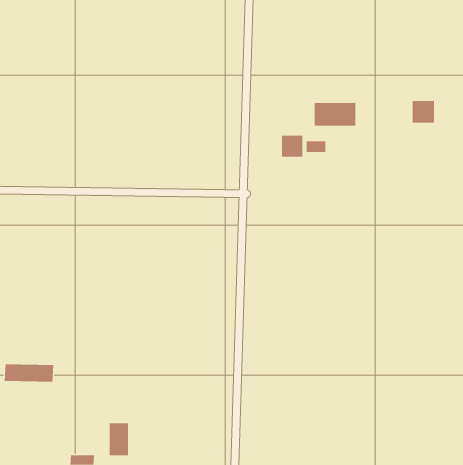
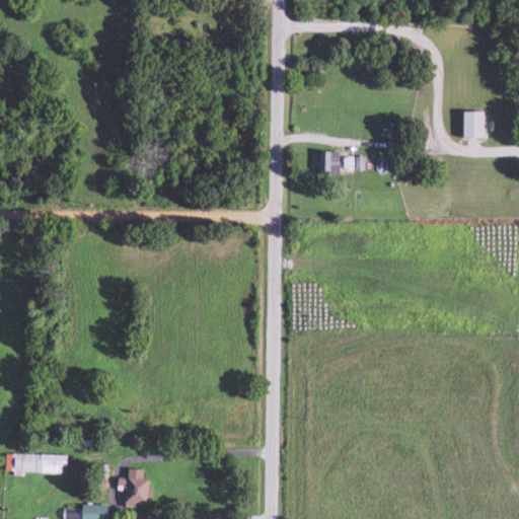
building: [314,102,356,127] -> none
building: [4,364,54,382] -> [12,453,68,473]

